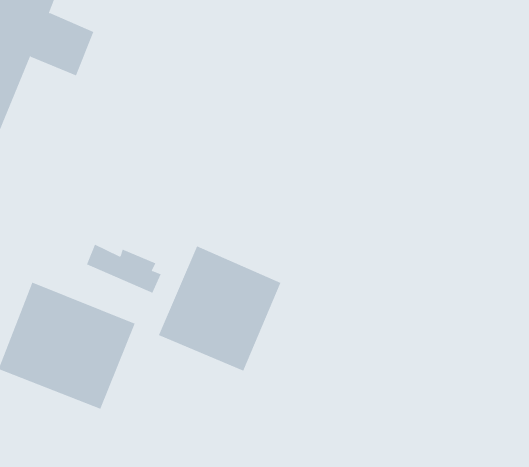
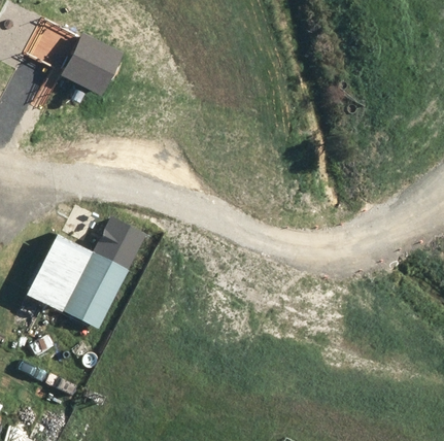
building: [158,246,281,371] -> none

